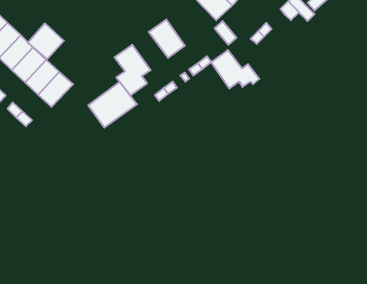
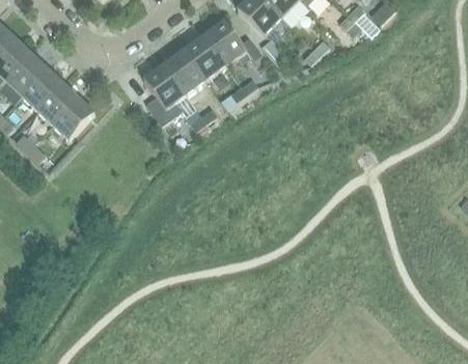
building: [28,23,64,59] -> none
building: none -> [164,49,207,94]
building: [211,50,259,89] -> [204,20,261,65]
building: [88,82,137,128] -> none

